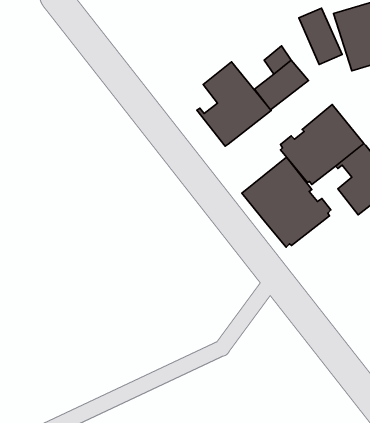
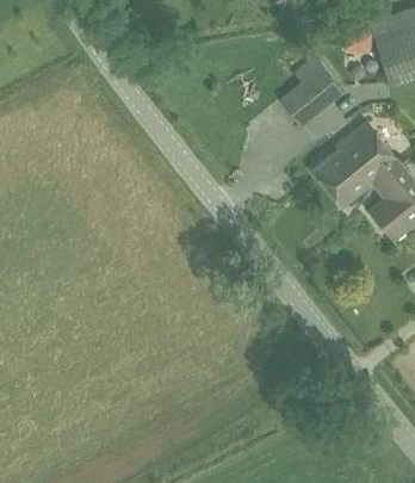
building: [197,62,271,146] -> none
building: [242,157,331,247] -> none

